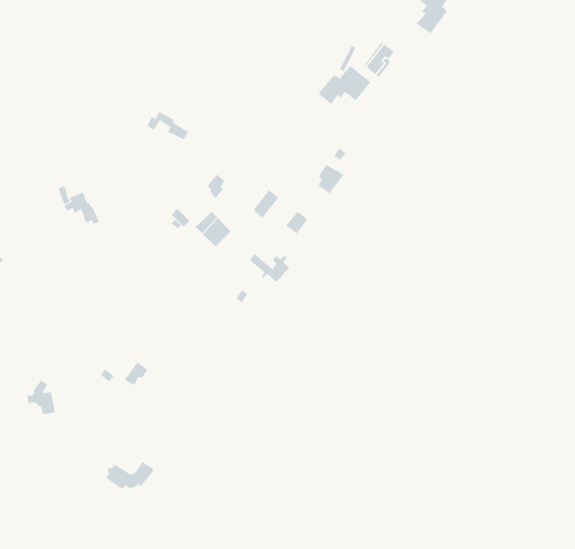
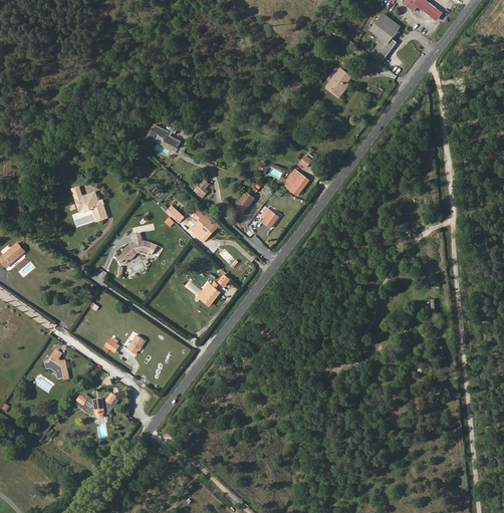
building: [318,65,371,105] -> none
building: none -> [115,233,150,262]
building: [249,253,290,283] -> [185,280,219,305]
building: [105,461,155,490] -> [76,392,117,416]

